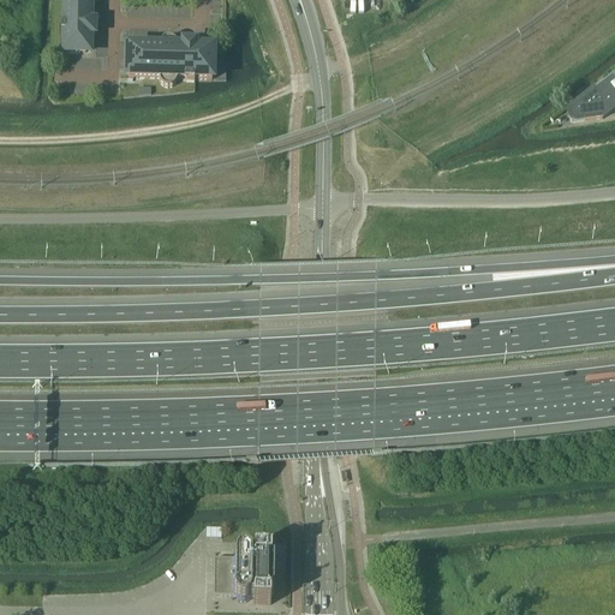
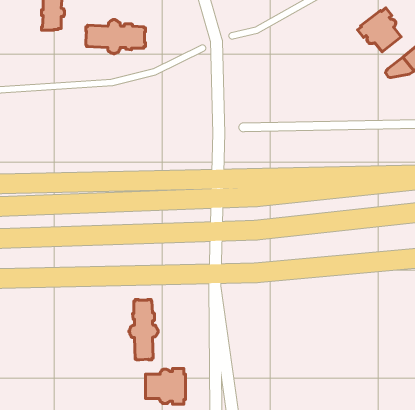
building: none -> [358,8,401,52]
building: none -> [129,299,158,360]

